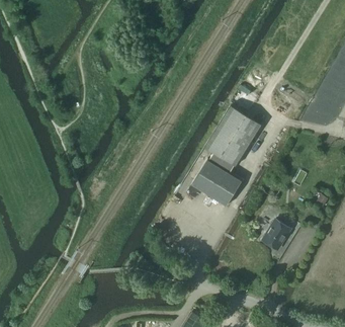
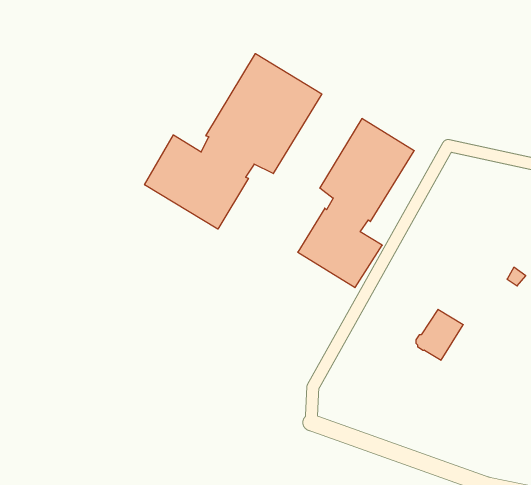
building: none -> [145,54,322,229]

